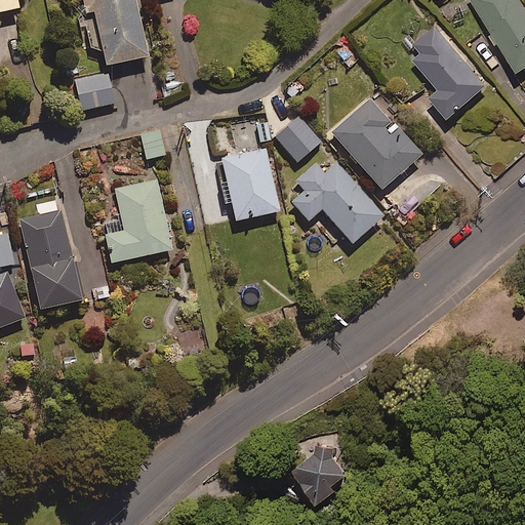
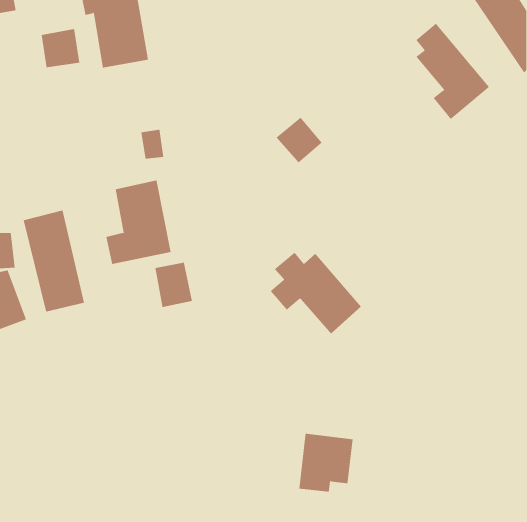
building: [73,71,112,110] -> [41,29,80,68]
building: [331,97,421,191] -> none
building: [218,119,280,224] -> none
building: [290,163,381,245] -> [270,252,362,334]
building: none -> [155,262,192,308]

